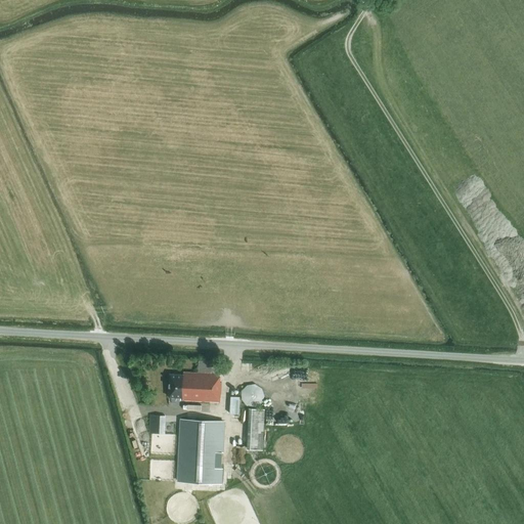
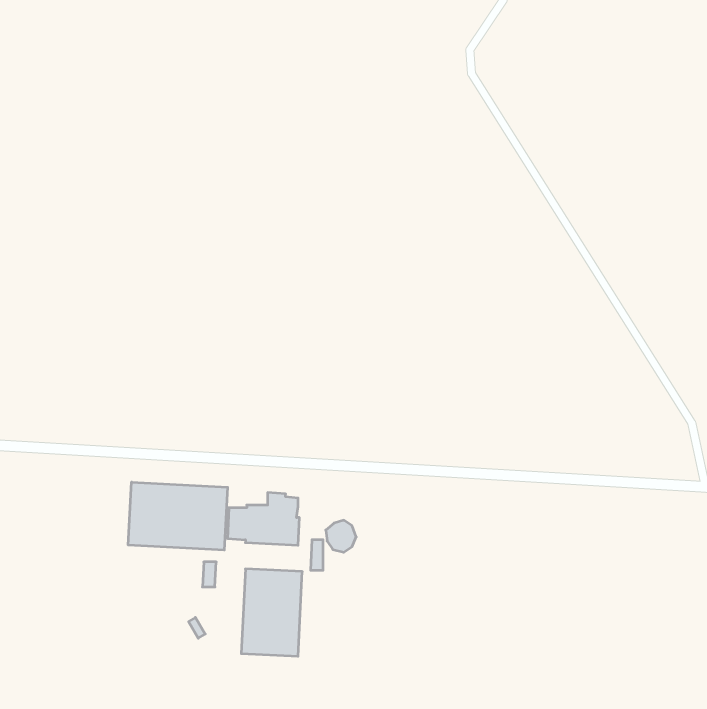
building: none -> [128,482,228,550]
building: [246,408,263,449] -> none

